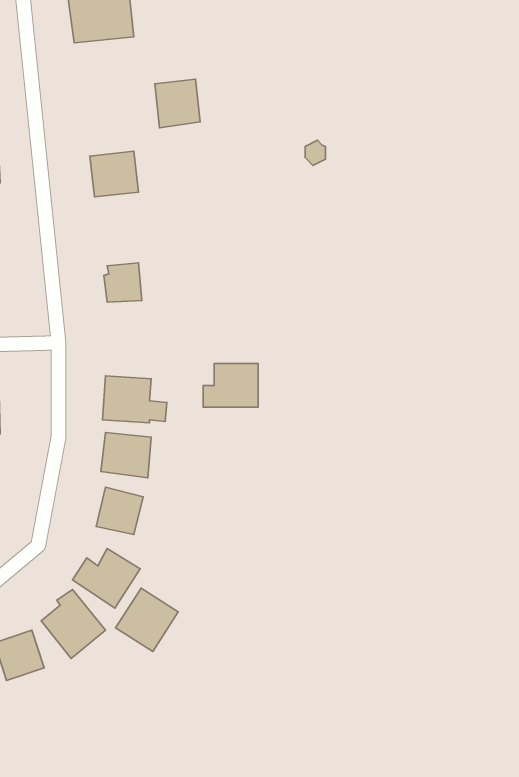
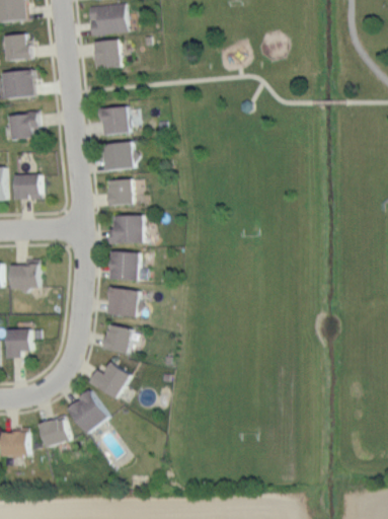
building: [155,79,200,128] -> [91,40,121,71]
building: none -> [100,142,139,171]
building: [203,363,258,407] -> [107,215,143,243]
building: [116,588,178,652] -> none

